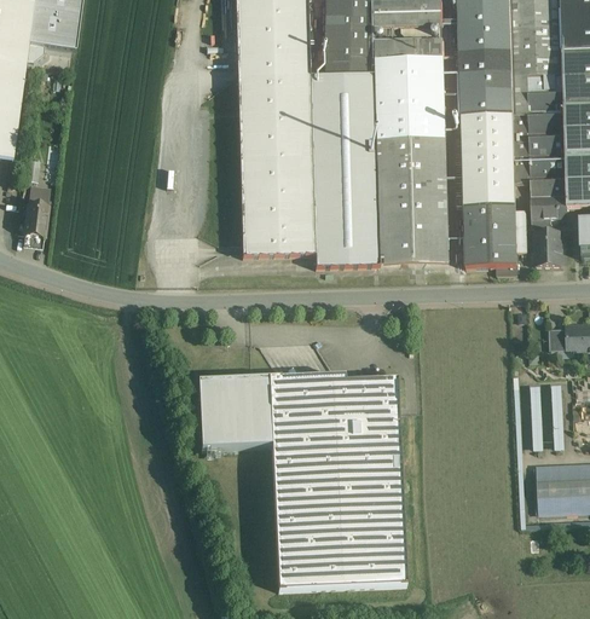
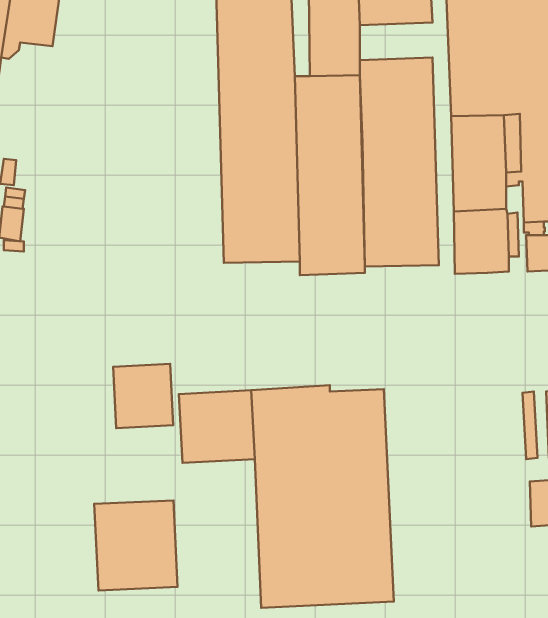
building: [374,37,444,59] -> none
building: none -> [113,364,173,428]
building: none -> [94,500,177,590]

